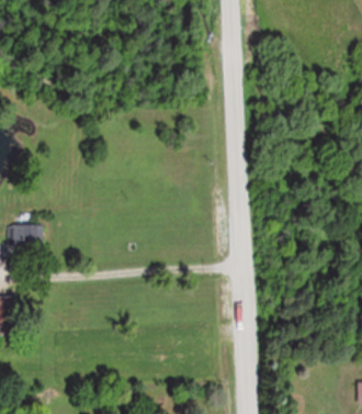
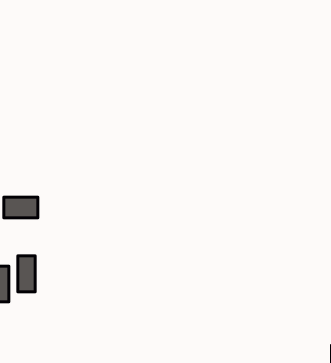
building: none -> [18,256,35,292]

